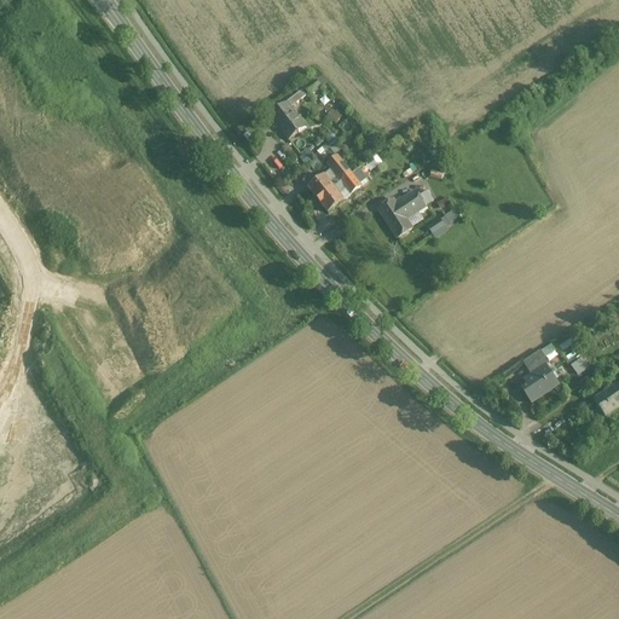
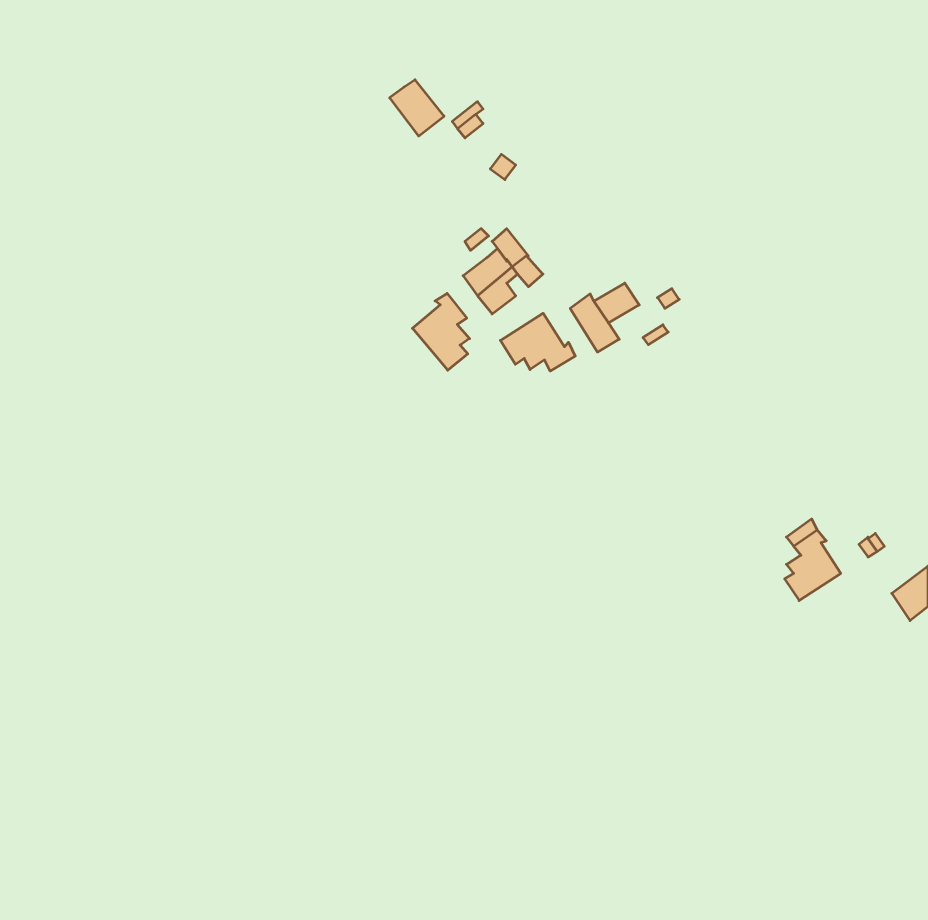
building: [270,99,306,137] -> [390,80,444,136]
building: none -> [412,293,470,370]
building: none -> [500,313,575,371]

